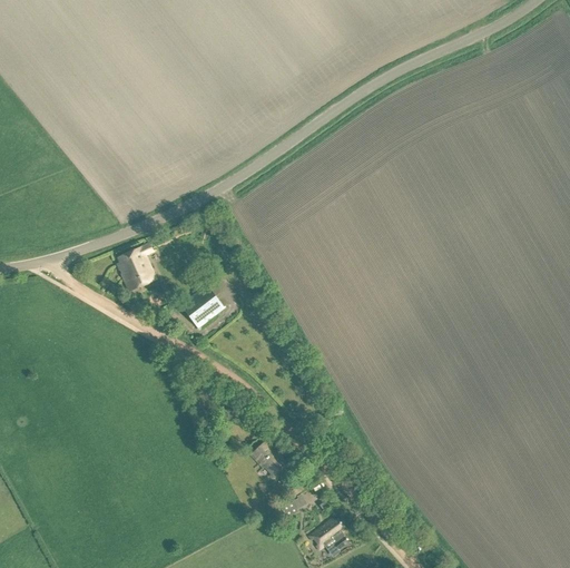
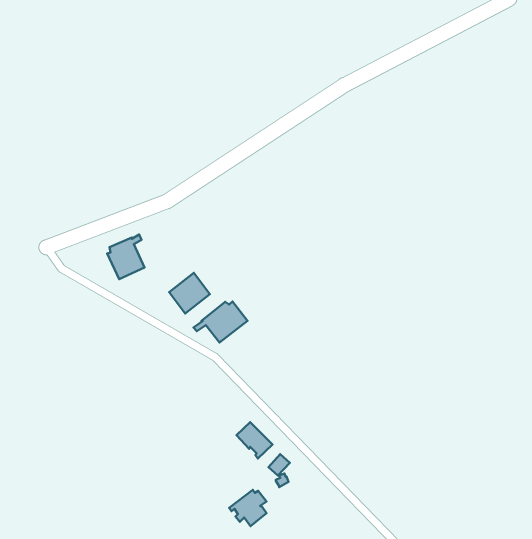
building: none -> [193,301,248,343]
building: [308,518,347,556] -> [229,490,267,526]

